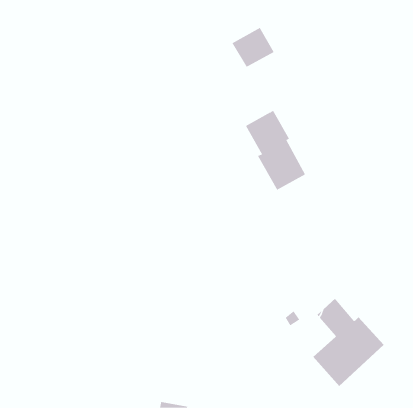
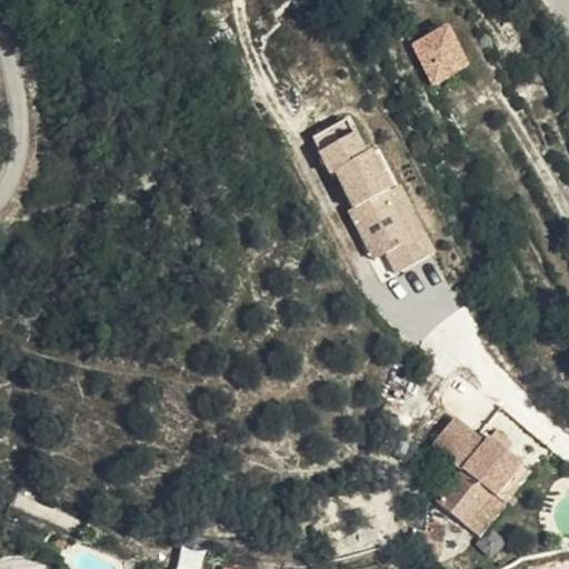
building: none -> [412,32,469,90]
building: [232,27,275,68] -> [313,119,372,174]

